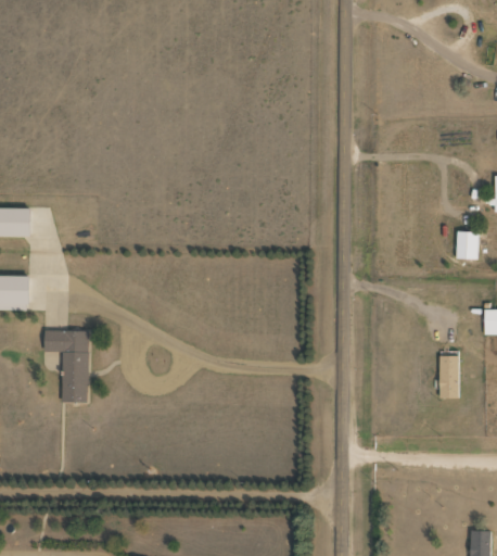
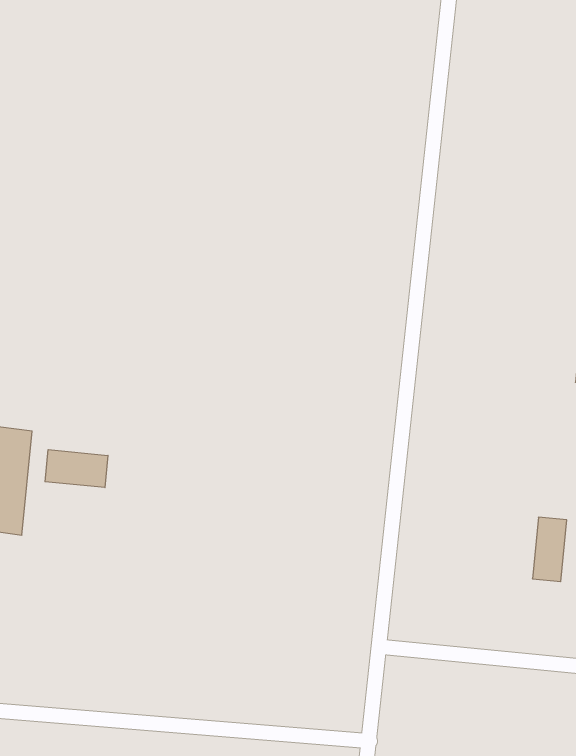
building: none -> [45,450,108,488]

